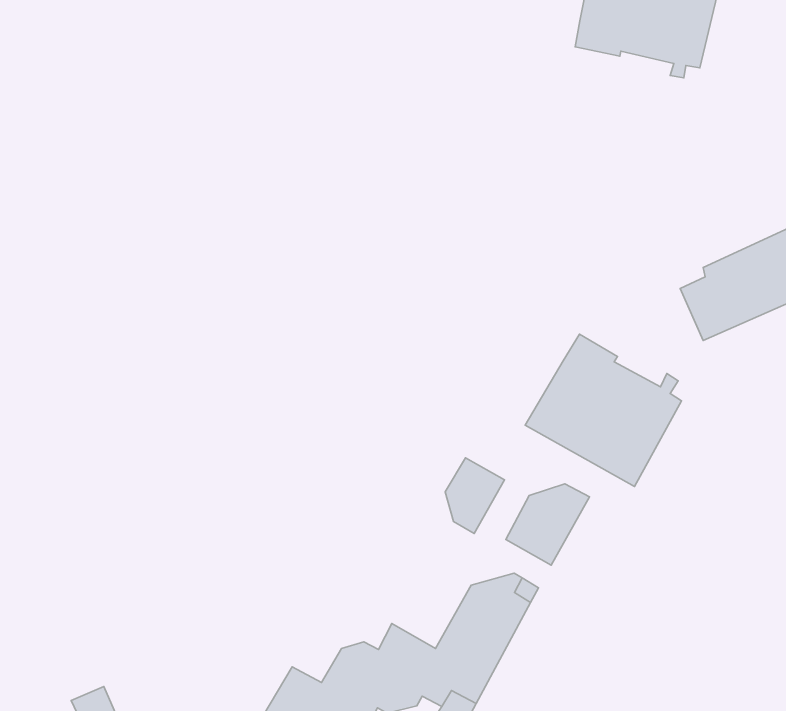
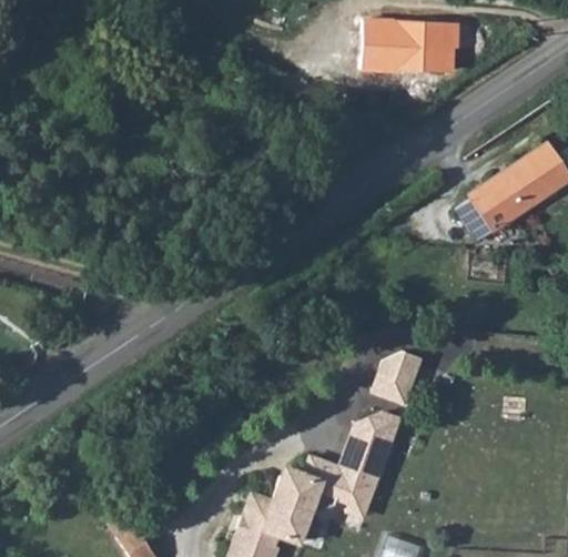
building: [525,334,682,487] -> none
building: [445,458,504,534] -> none

